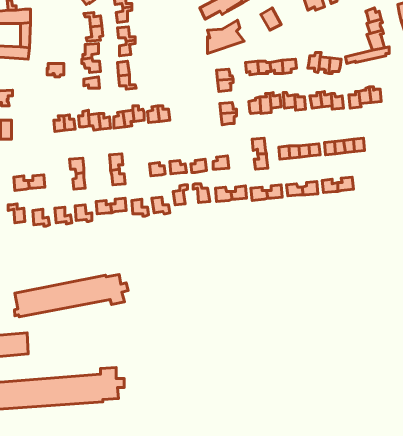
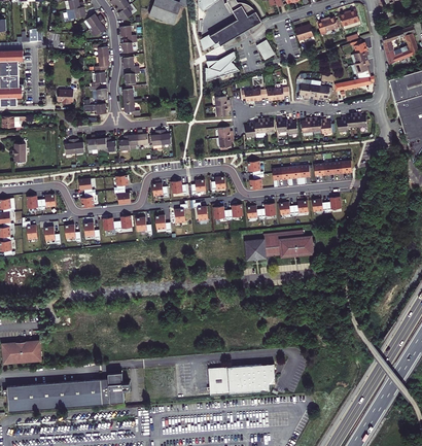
building: none -> [244,232,312,263]
building: [14,274,128,317] -> none
building: none -> [208,365,275,396]

